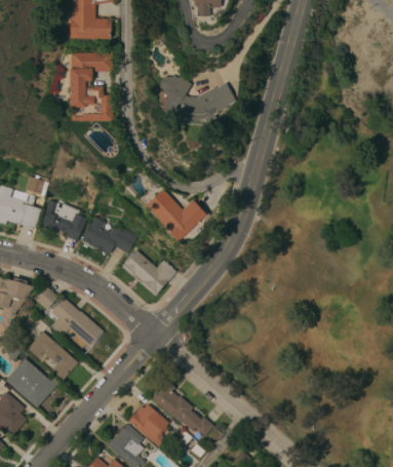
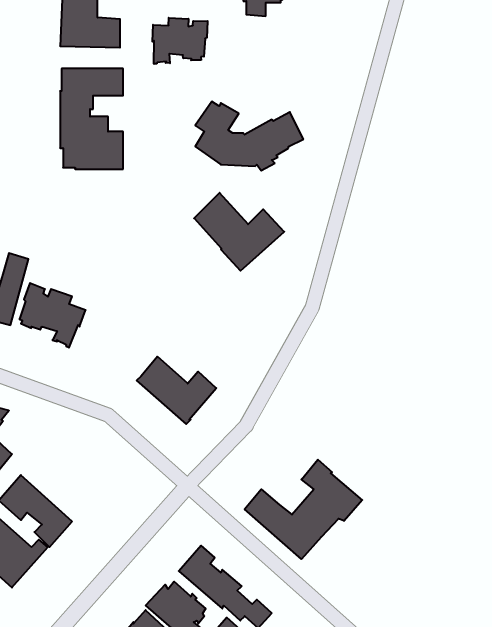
building: none -> [152,18,208,64]
building: [145,188,206,241] -> [194,193,284,271]
building: [81,216,137,255] -> none
building: [35,285,103,346] -> none
building: none -> [245,460,362,559]

